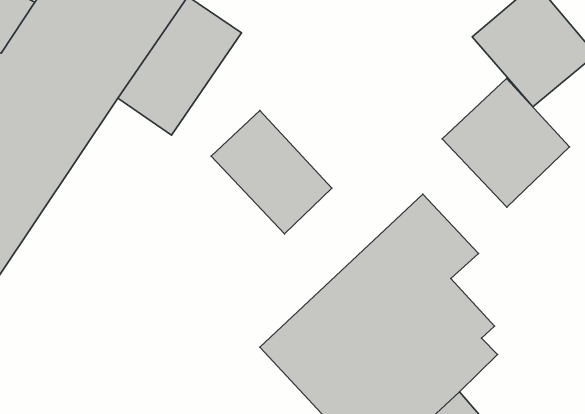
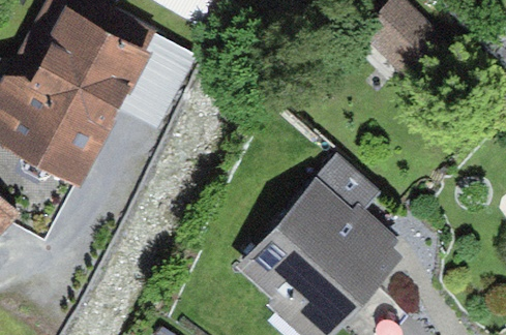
building: [442,78,570,207] -> none
building: [211,110,332,234] -> none

